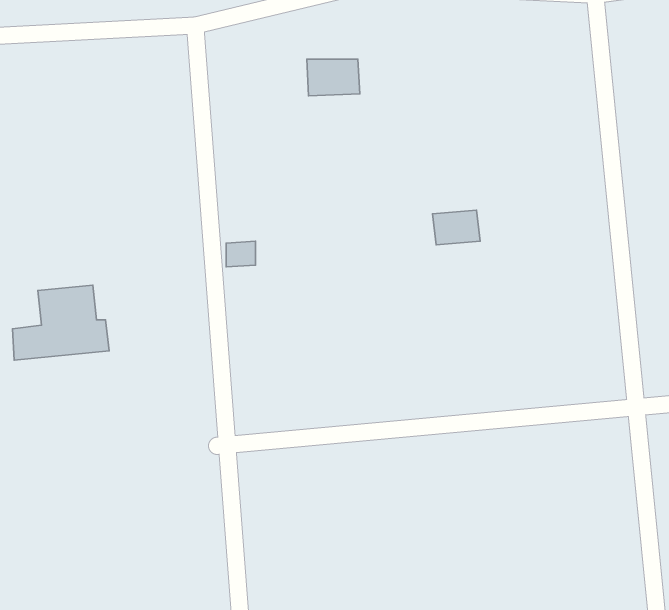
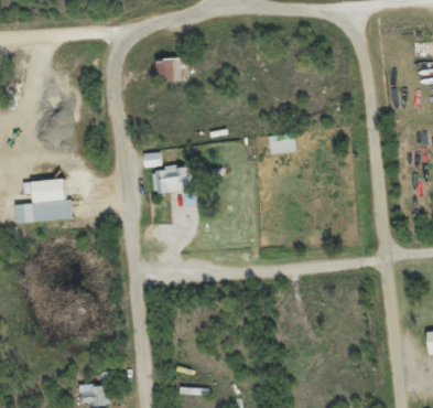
building: [307,59,360,96] -> [155,58,187,80]
building: none -> [152,167,190,193]

